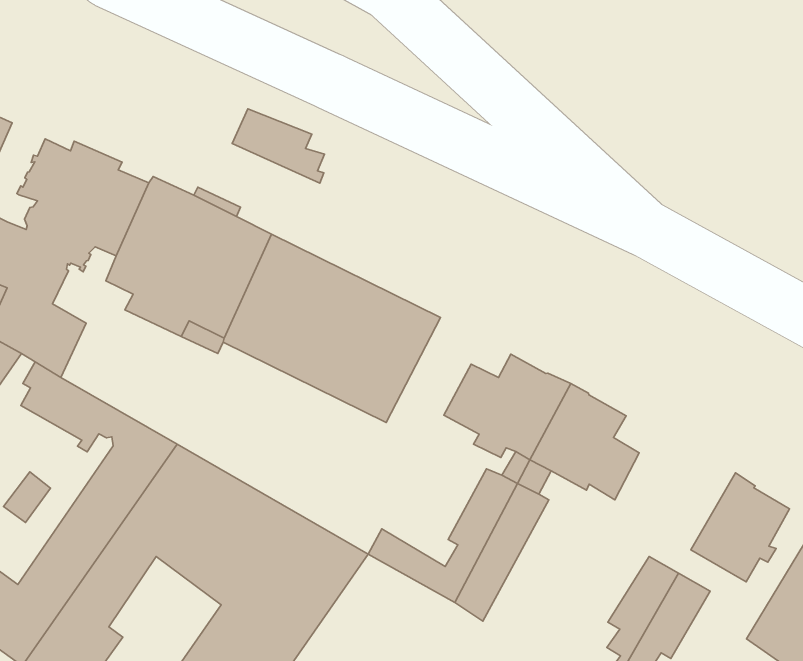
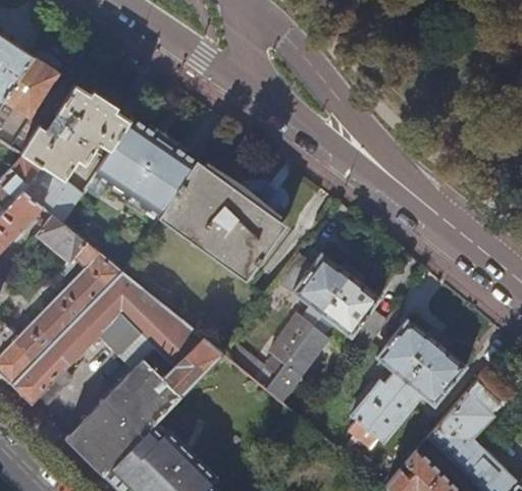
building: [232,109,325,183] -> none
building: none -> [377,320,438,381]

